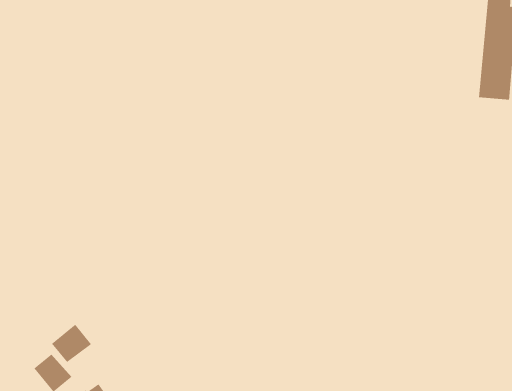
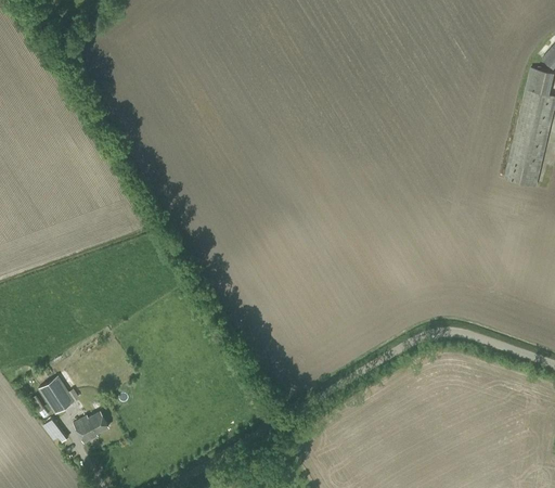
building: [51,324,92,363] -> none

